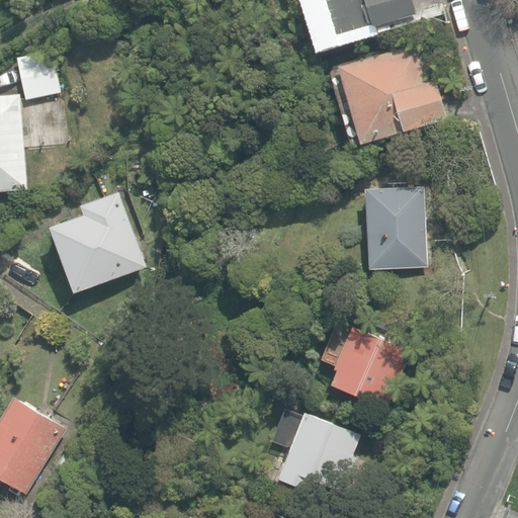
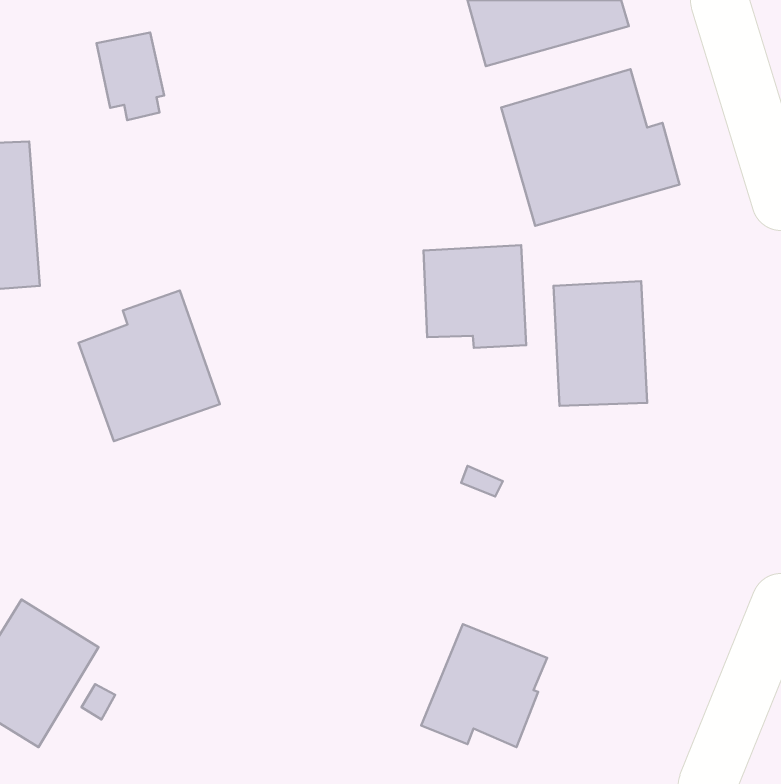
building: [14,52,59,109] -> [96,33,164,120]
building: none -> [423,245,526,348]
building: [330,326,405,408] -> none

